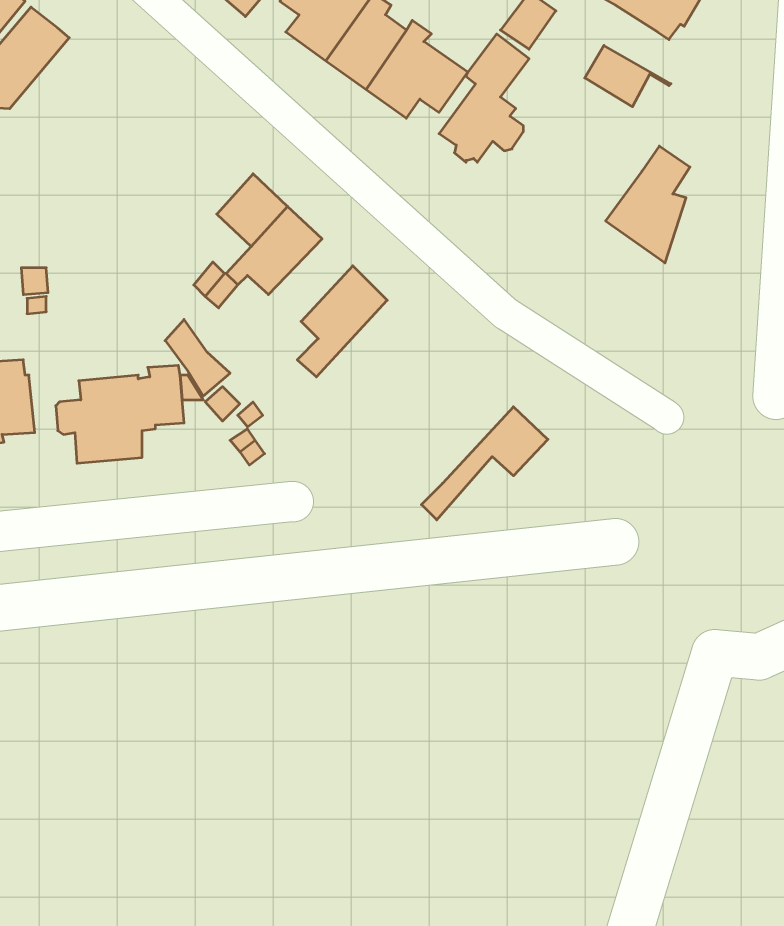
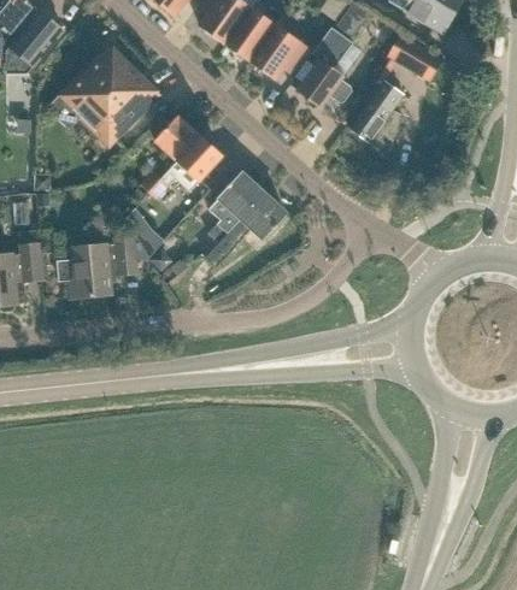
building: none -> [46,42,160,146]
building: [606,146,690,263] -> [349,79,403,153]
building: [421,407,548,520] -> [205,194,284,265]

